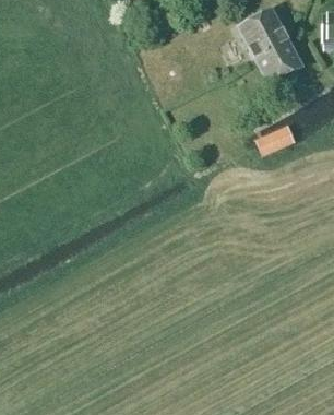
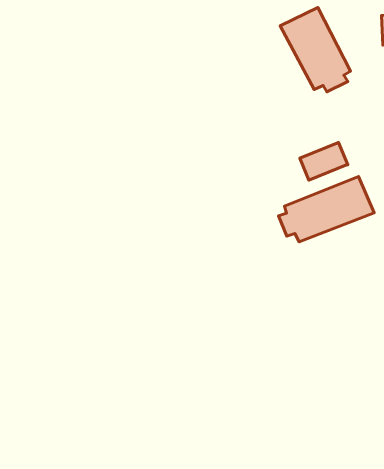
building: none -> [278,176,374,242]

